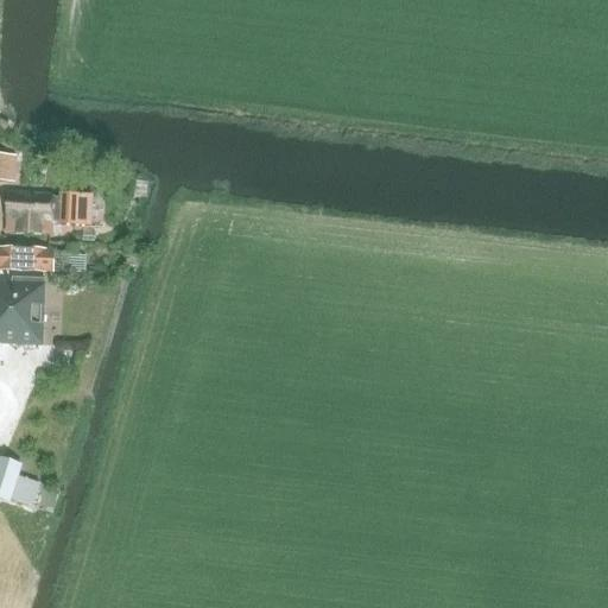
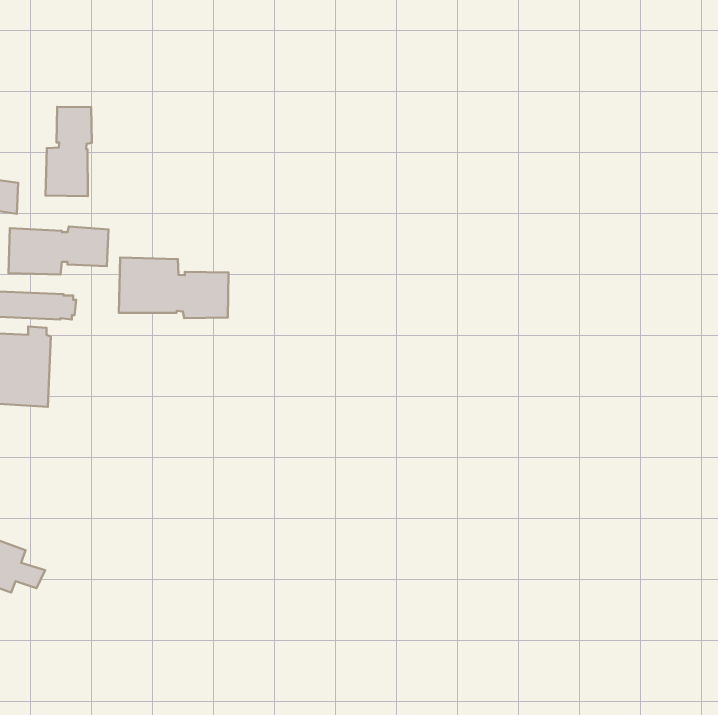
building: none -> [46,107,92,196]
building: none -> [119,258,228,318]

